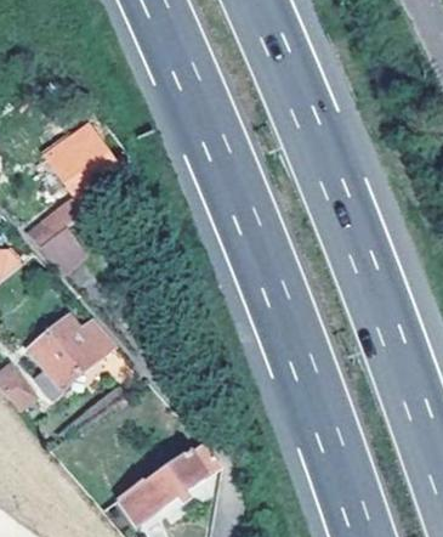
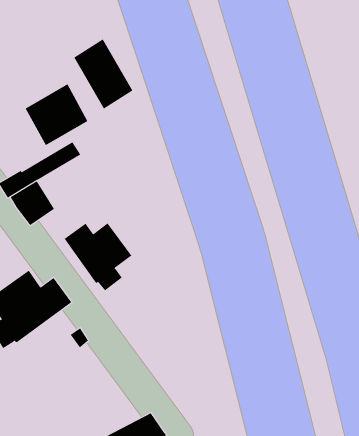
building: none -> [73,39,133,110]
building: none -> [64,222,132,291]

